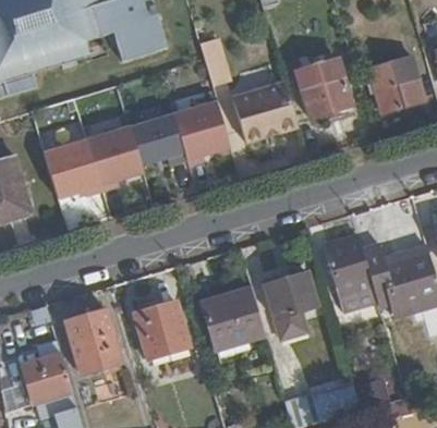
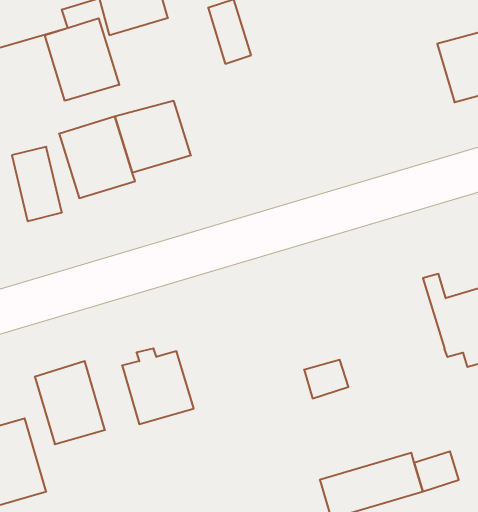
building: none -> [45,18,119,101]
building: [298,59,354,119] -> none
building: [233,78,300,140] -> none
building: [171,97,229,157] -> none
building: [321,233,377,310] -> none
building: [260,270,314,316] -> none
building: [201,289,263,348] -> none

